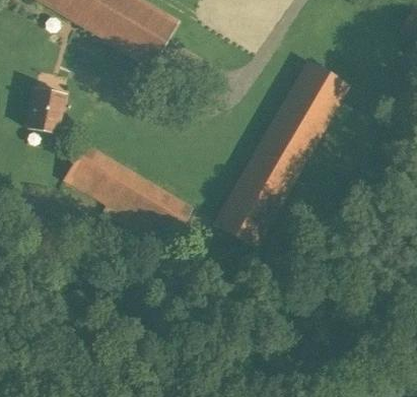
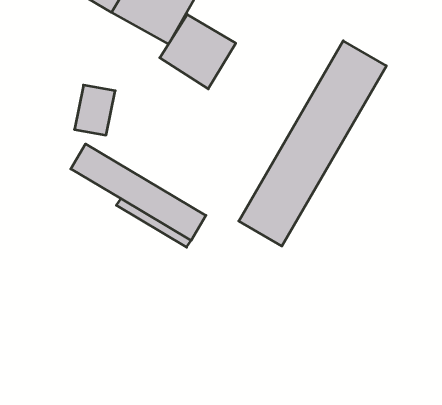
building: none -> [160,14,236,89]
building: [27,86,64,131] -> [74,85,115,135]

